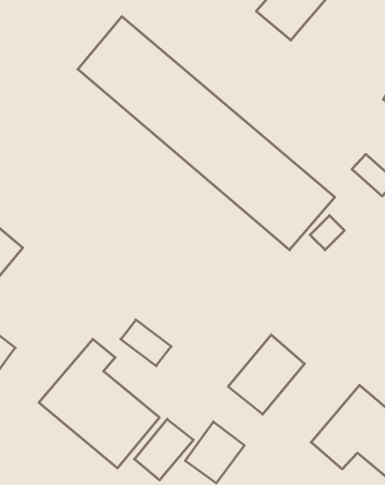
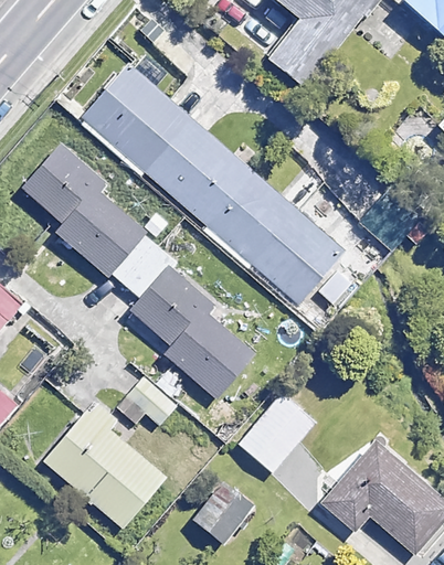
building: none -> [15,143,142,274]
building: none -> [114,238,253,396]
building: [134,419,193,480] -> none

